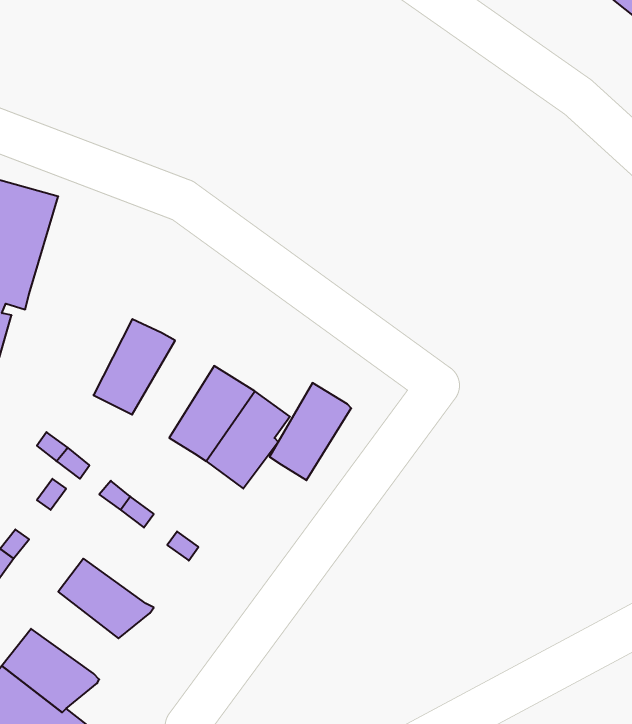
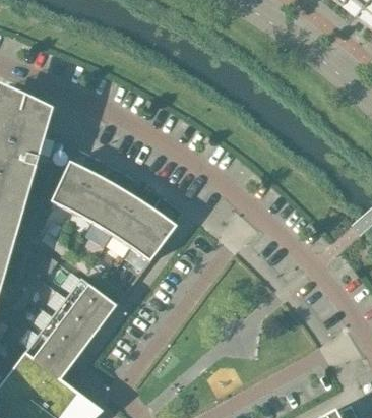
building: none -> [52,162,94,214]
building: [270,383,351,480] -> [94,185,136,236]
building: none -> [68,280,118,322]
building: none -> [41,316,90,359]

